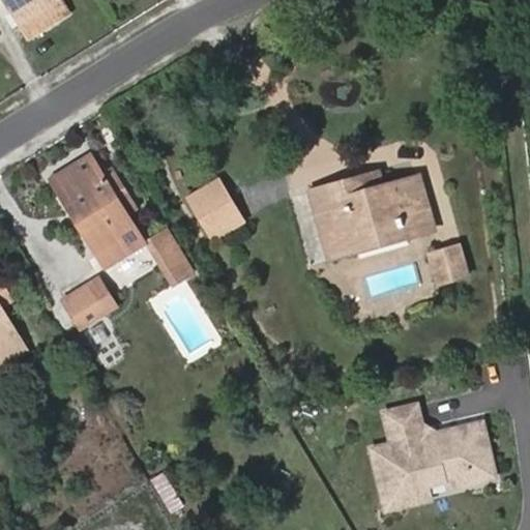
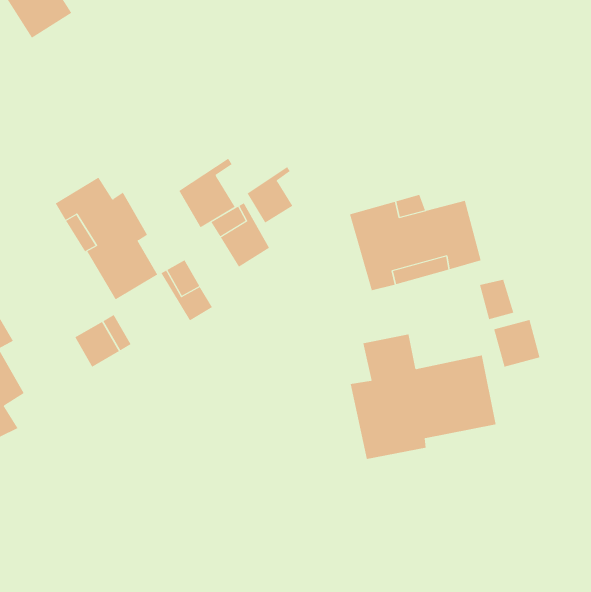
building: none -> [178,158,235,228]
building: none -> [247,166,293,224]
building: none -> [494,319,540,367]
building: [372,396,502,508] -> [350,334,496,459]

